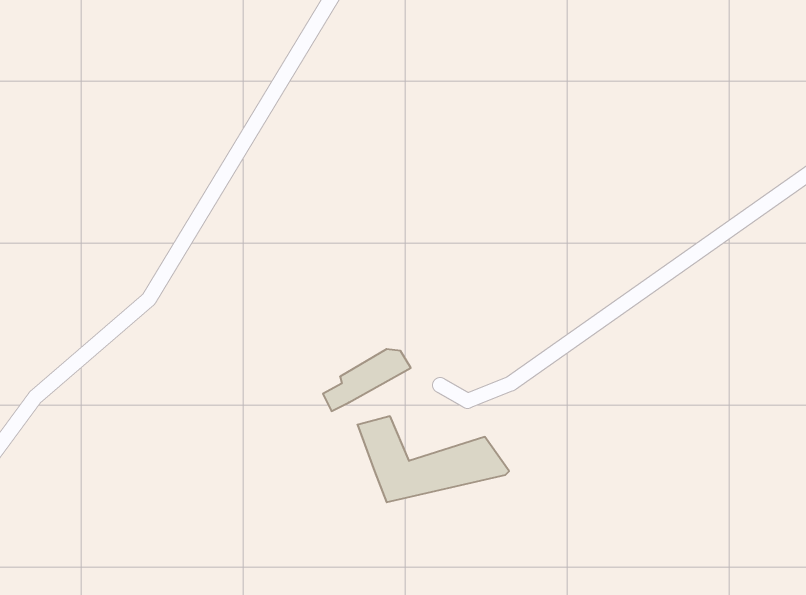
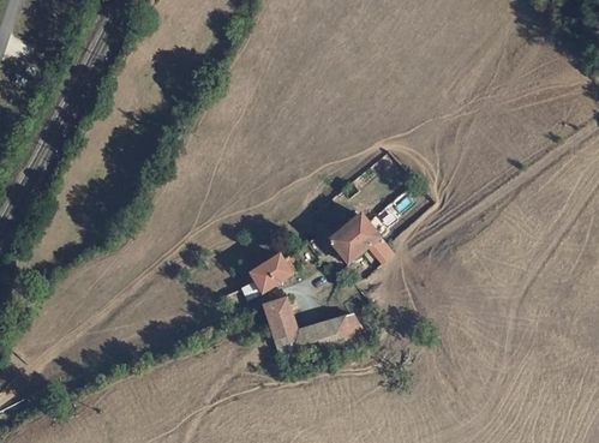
building: none -> [329,212,394,261]

